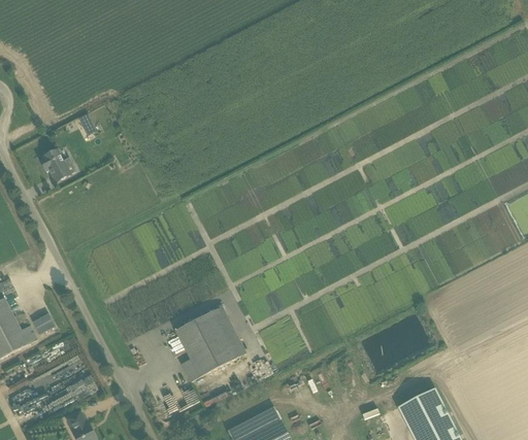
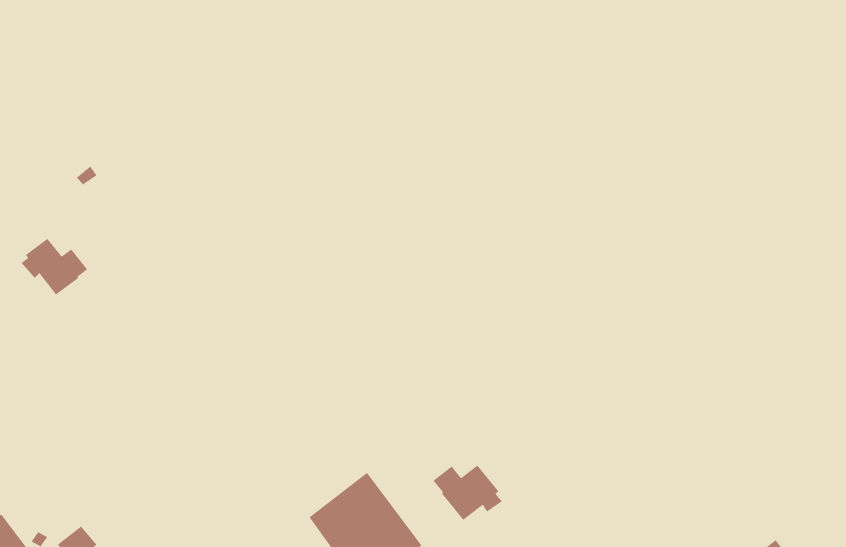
building: none -> [432,465,503,521]

